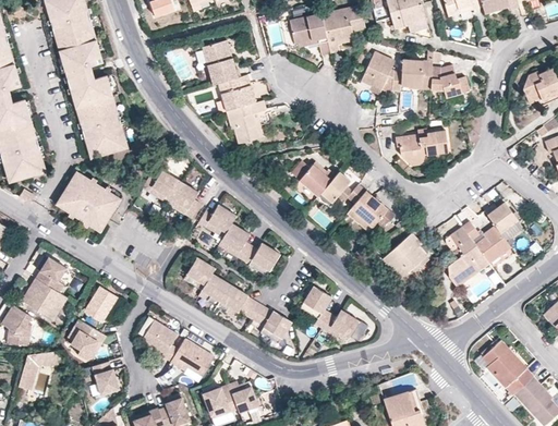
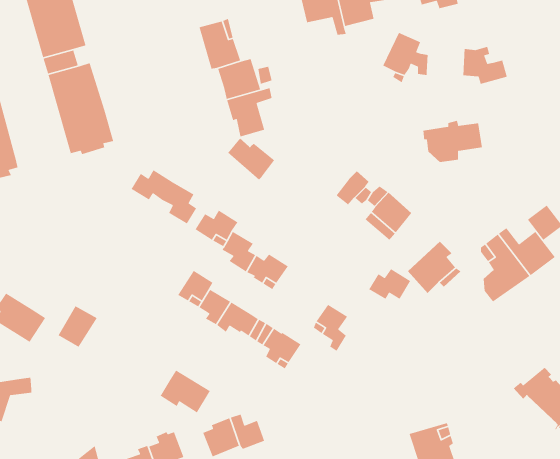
building: [400,59,433,90] -> none
building: [290,160,331,197] -> [227,138,275,180]
building: [61,174,118,232] -> none
building: [35,254,64,292] -> none
building: [322,311,359,338] -> [368,268,411,300]
building: [65,319,104,360] -> none
building: [141,322,177,366] -> none
building: [90,363,119,398] -> none

